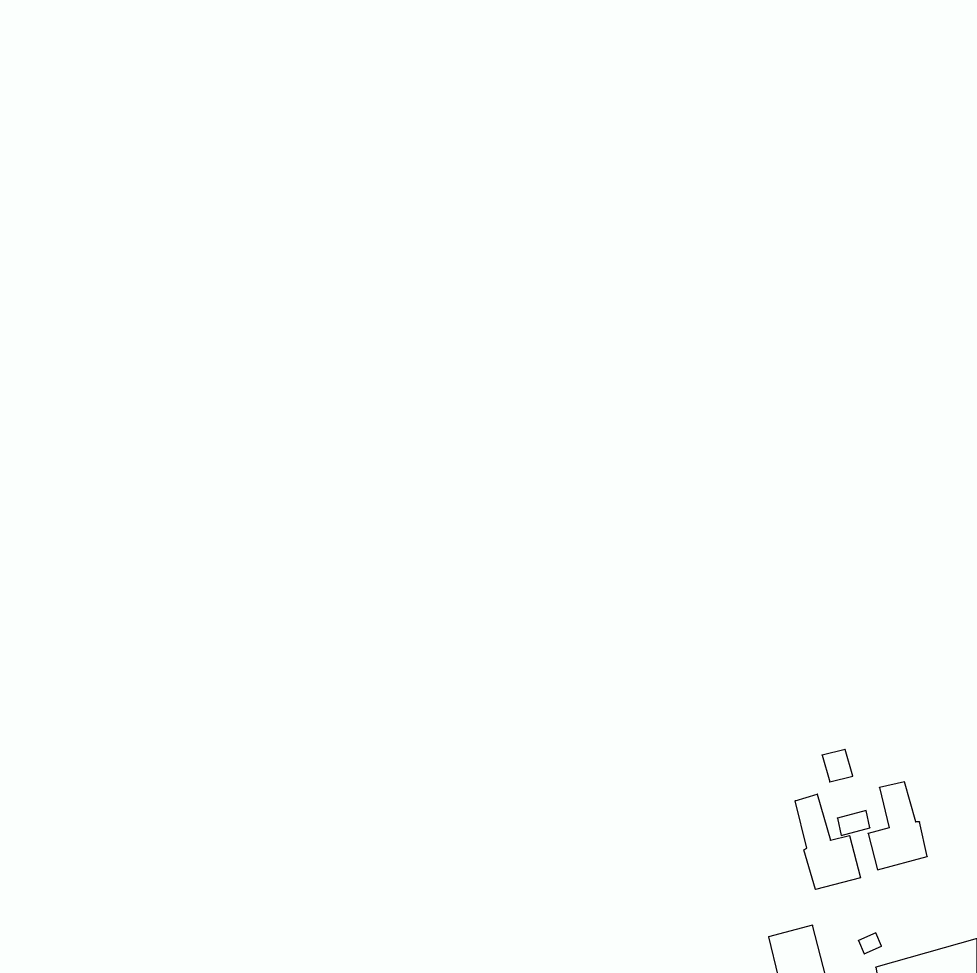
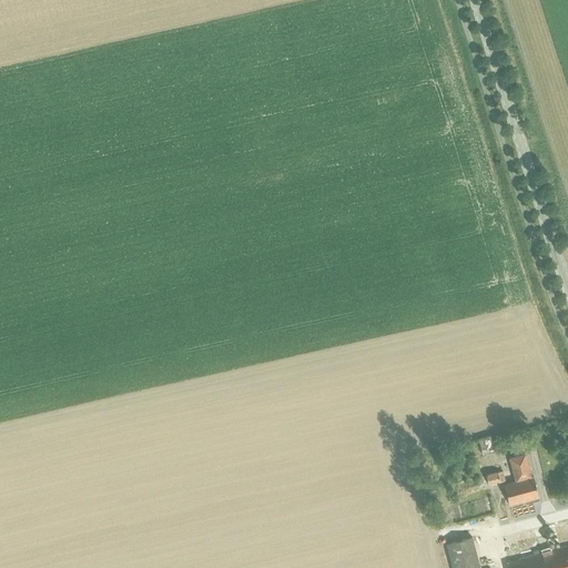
building: [795,794,861,889] -> none

